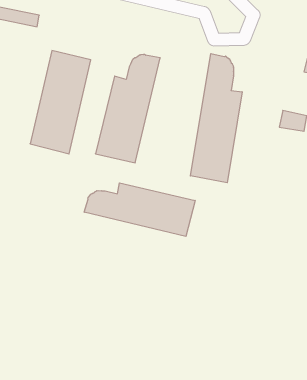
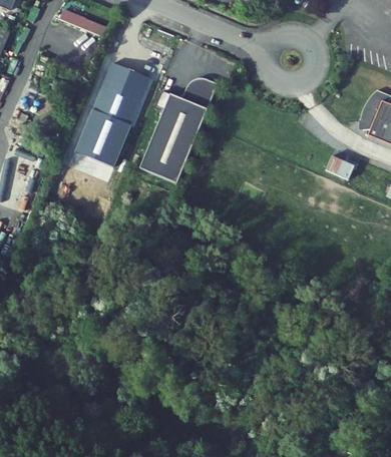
building: [190,54,242,183] -> none
building: [84,183,195,236] -> none

